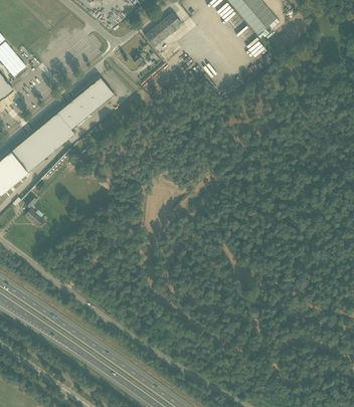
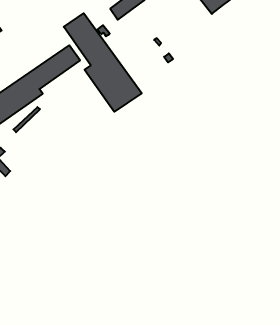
building: none -> [64,13,142,112]

